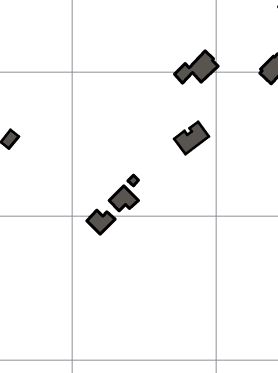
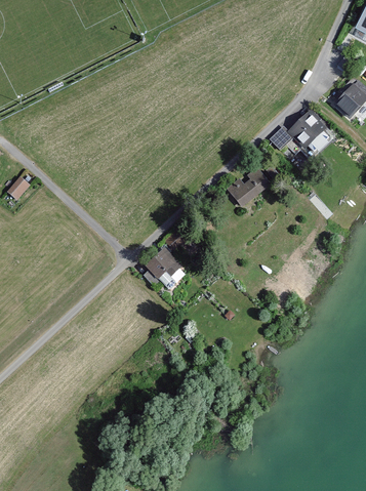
building: [175,51,218,83] -> [271,110,326,151]
building: [87,210,115,234] -> none

